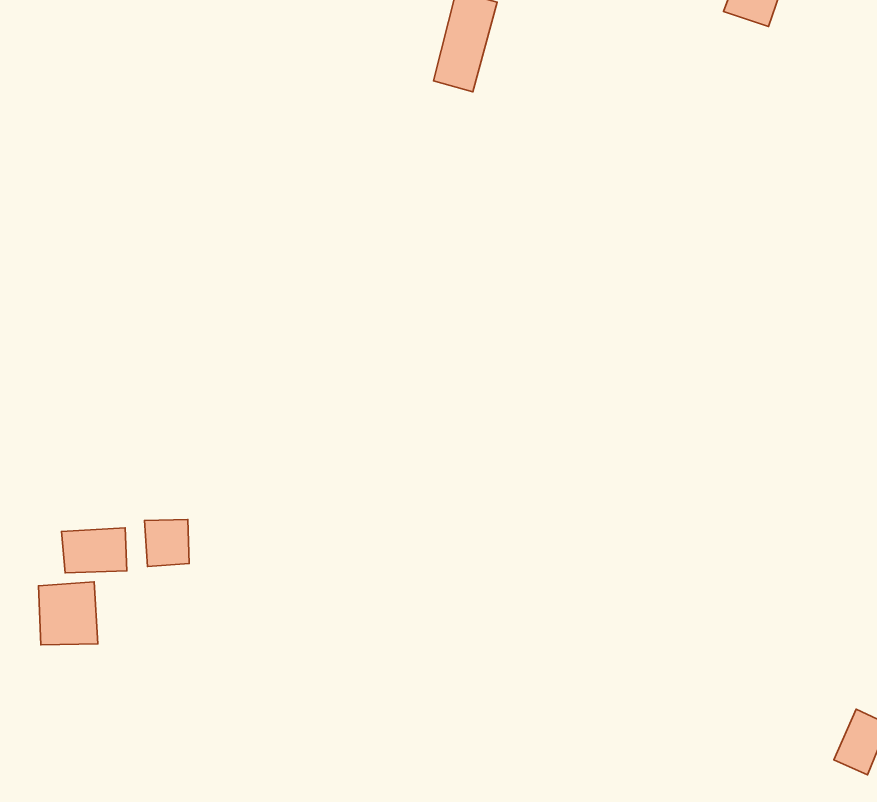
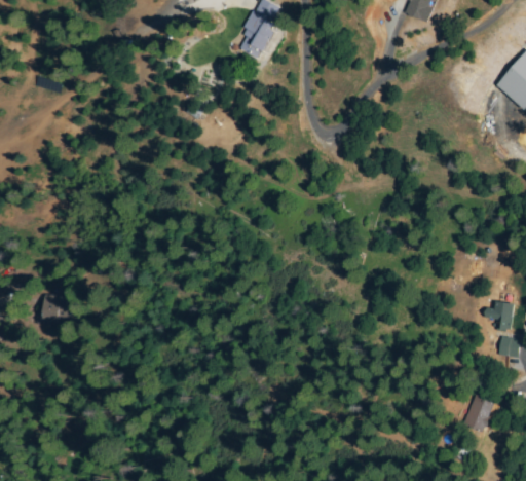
building: [145,520,189,567] -> none
building: [39,582,98,645] -> none

